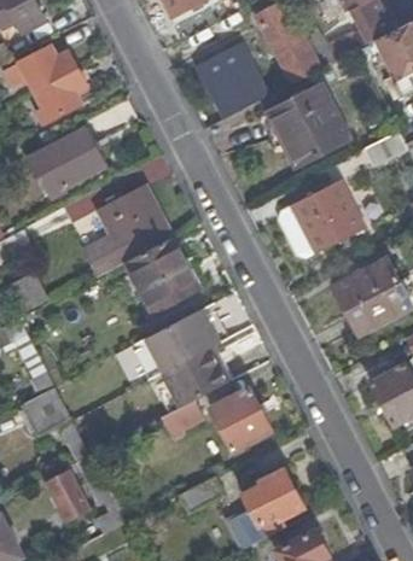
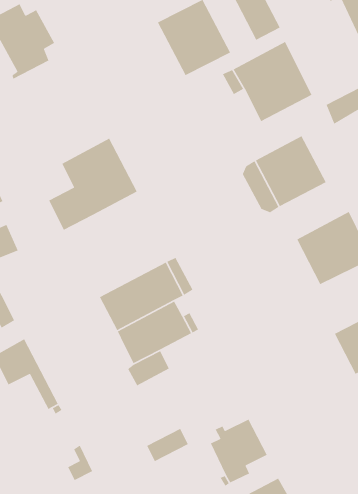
building: [37,128,104,187] -> none
building: [126,238,198,314] -> none
building: [211,387,272,449] -> none
building: [45,467,91,521] -> none

